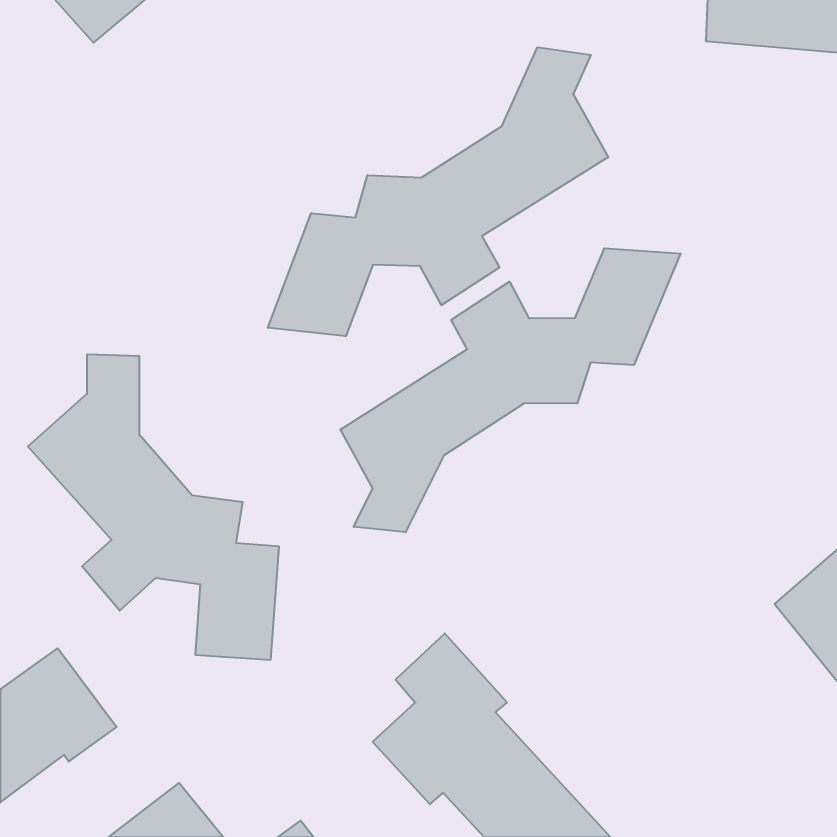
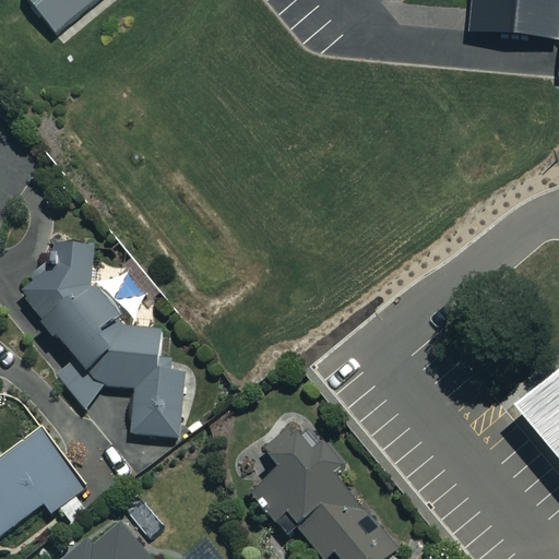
building: [268,47,608,336] -> none
building: [340,248,681,532] -> none

